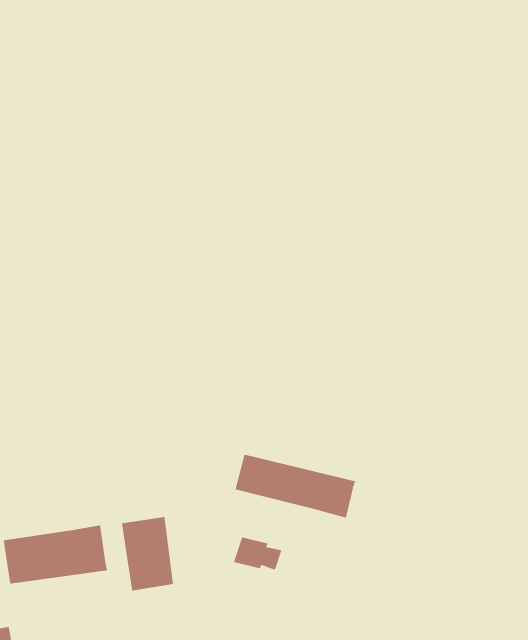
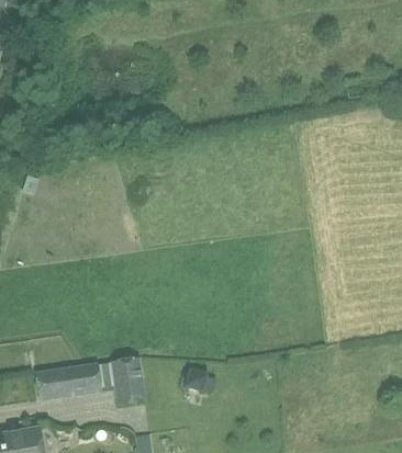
building: [235,454,356,518] -> none

